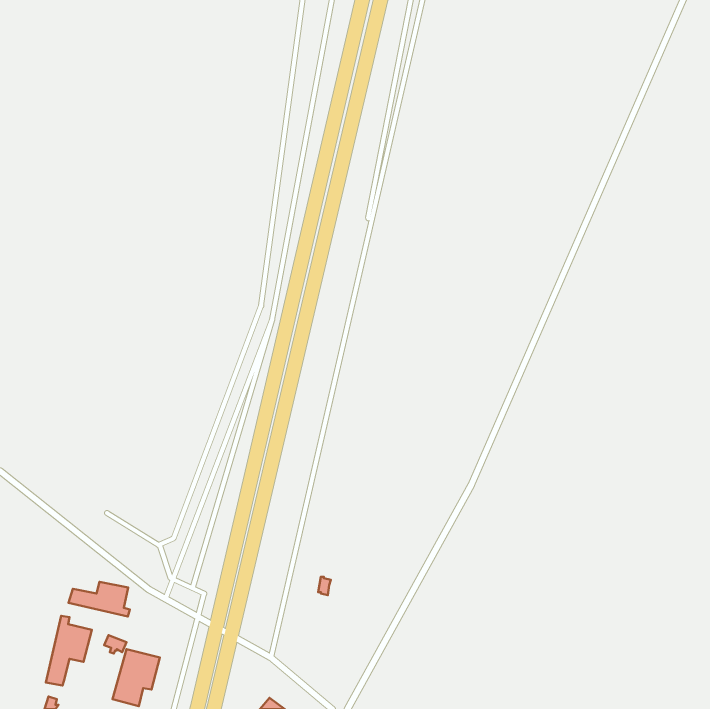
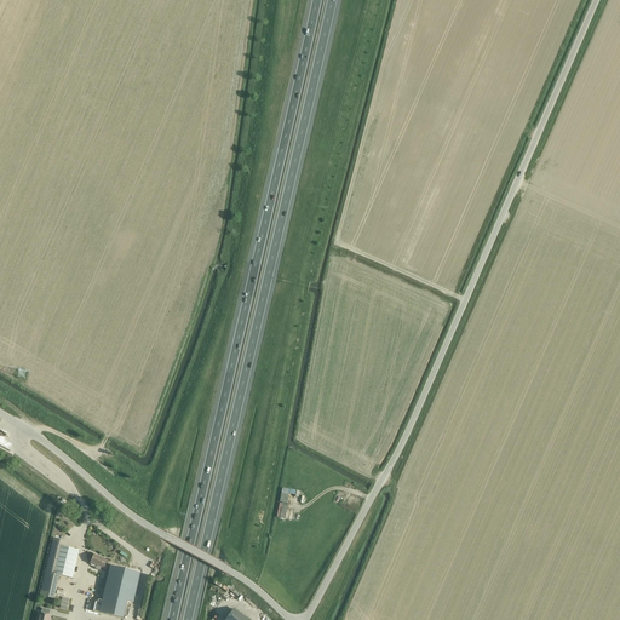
building: [69,582,130,617] -> none

